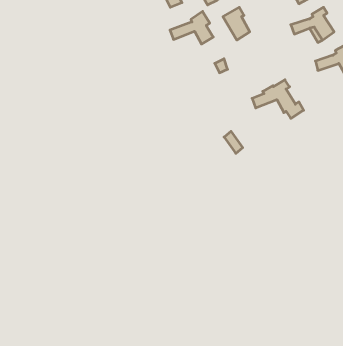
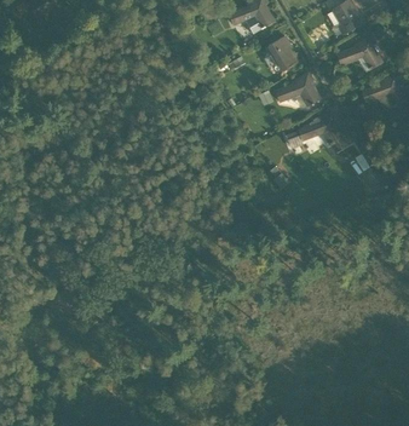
building: [170,11,213,44] -> [275,71,319,105]

